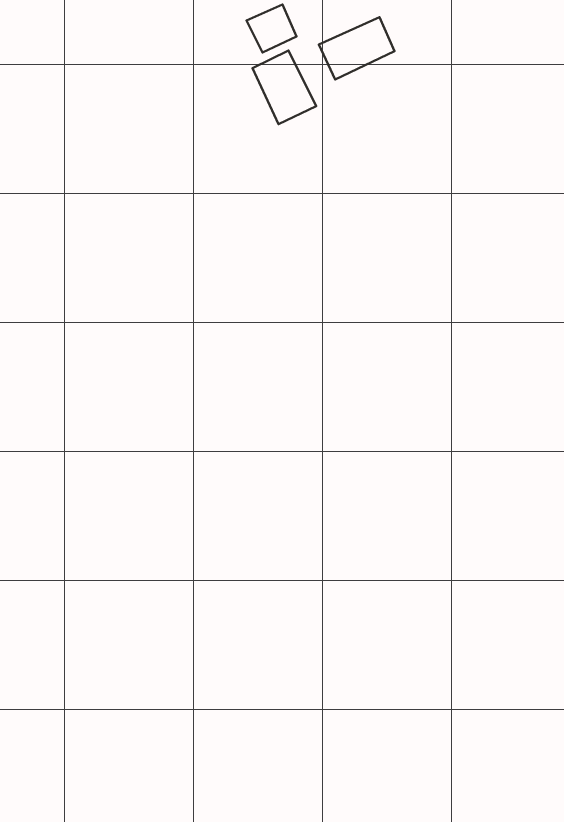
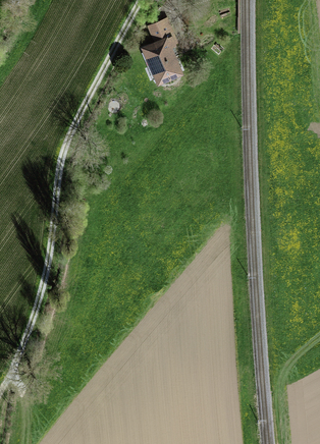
building: [319,17,395,80] -> none

